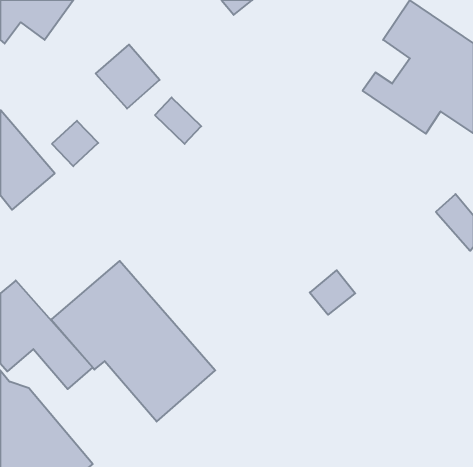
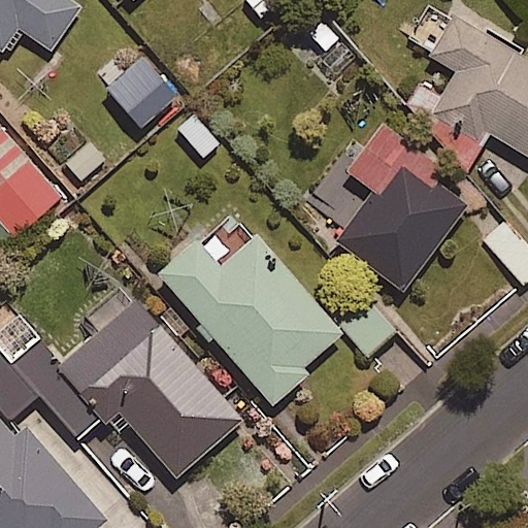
building: none -> [334,124,469,287]
building: none -> [159,208,339,403]

